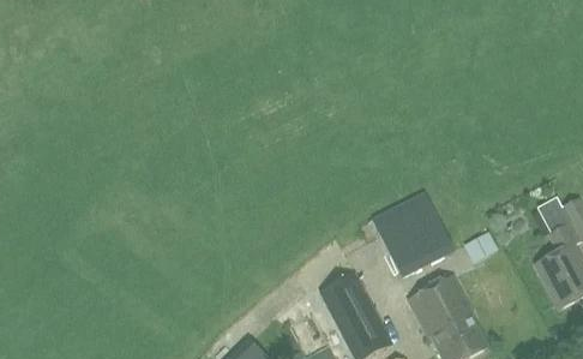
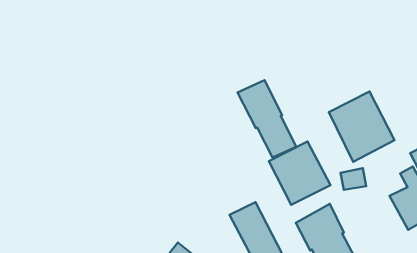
building: none -> [237,80,296,158]
building: none -> [329,91,394,162]

